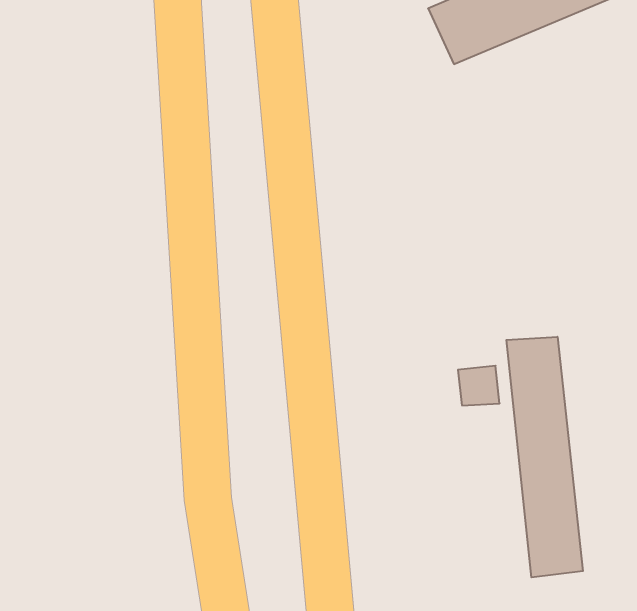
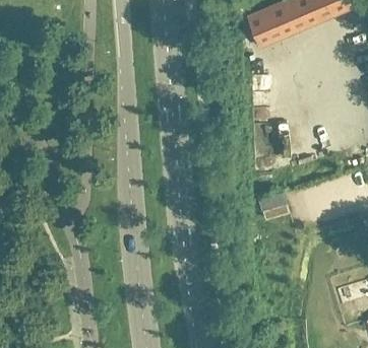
building: [506,337,583,577] -> none

